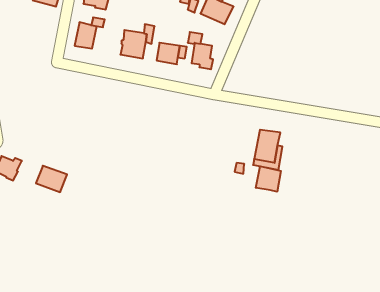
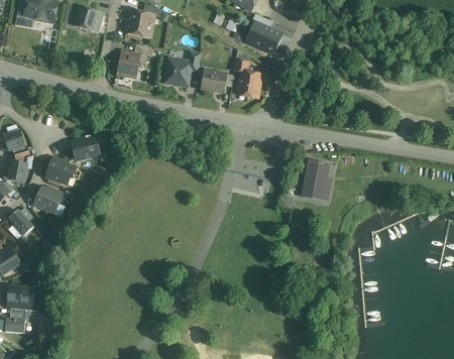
building: none -> [72,138,99,159]
building: [36,166,67,192] -> [43,156,76,184]
building: [256,166,281,192] -> none

